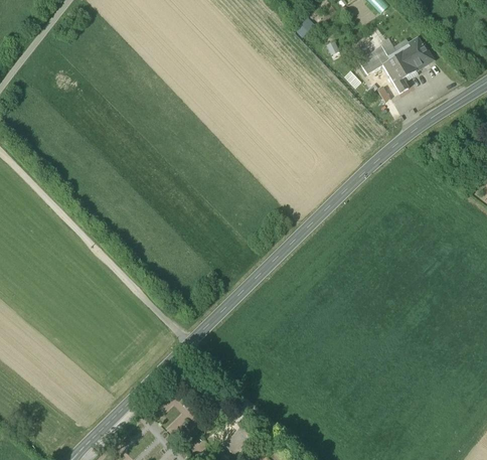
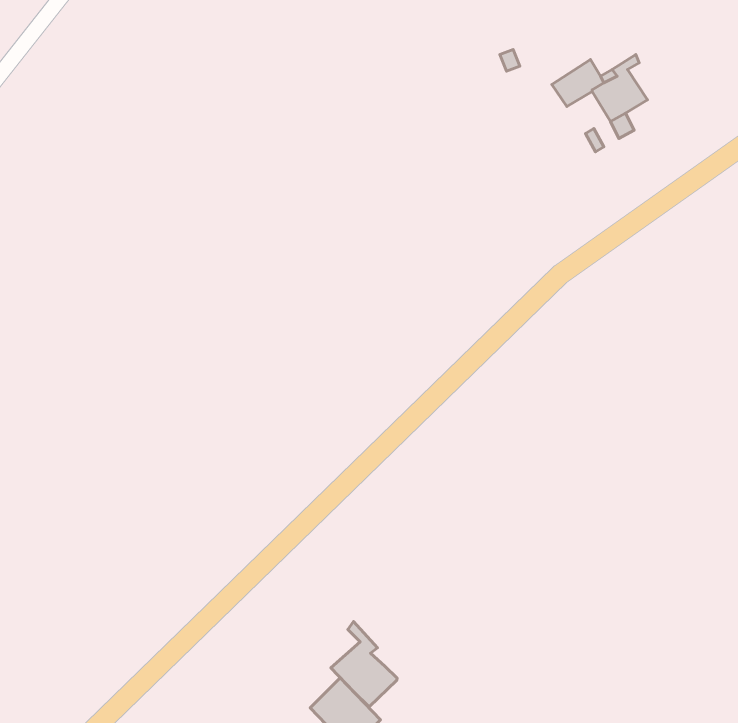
building: [404,38,434,69] -> none
building: none -> [331,622,397,707]

